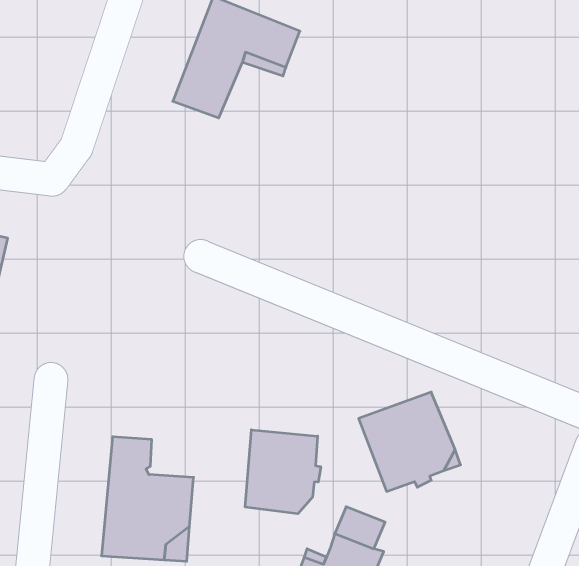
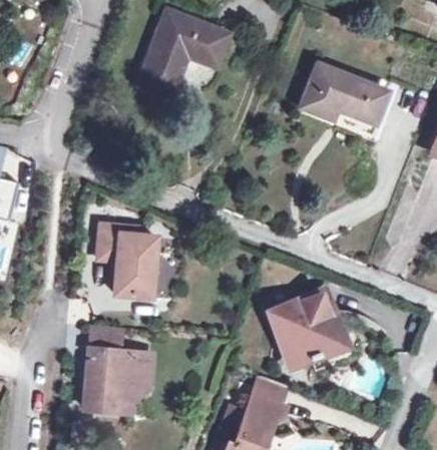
building: none -> [300,63,387,124]
building: none -> [97,223,156,296]
building: [245,430,321,514] -> none

